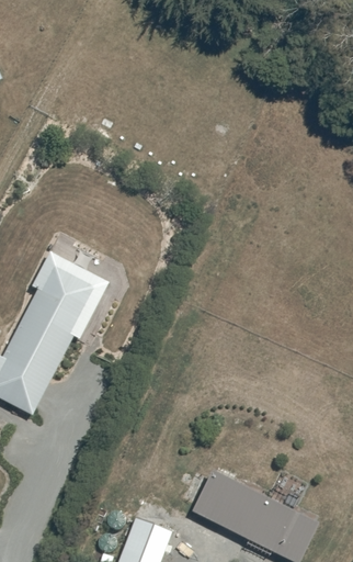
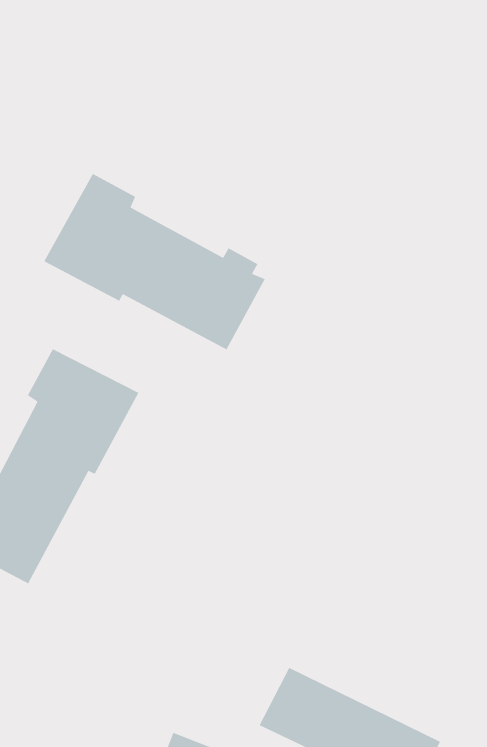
building: none -> [43,173,266,351]

